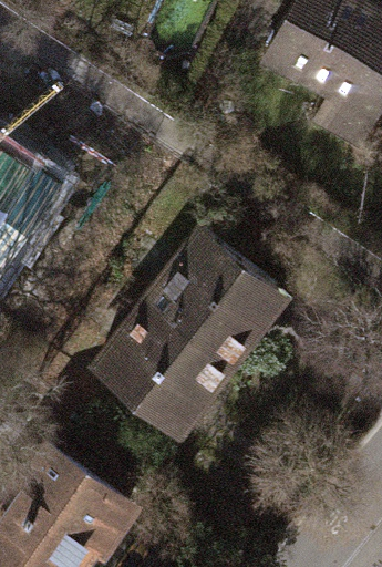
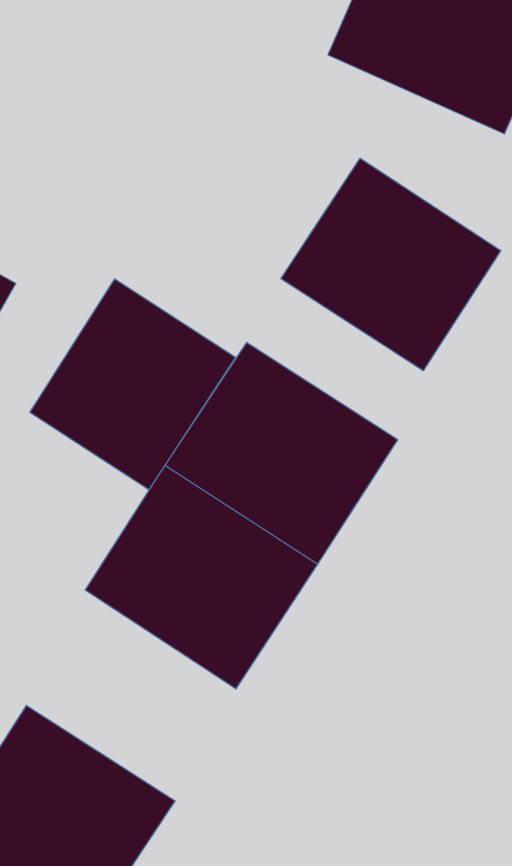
building: none -> [281,158,501,371]
building: none -> [30,279,236,490]

